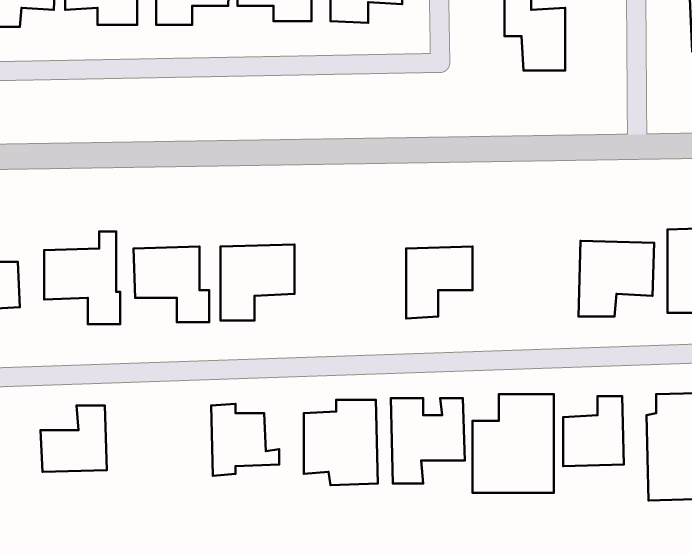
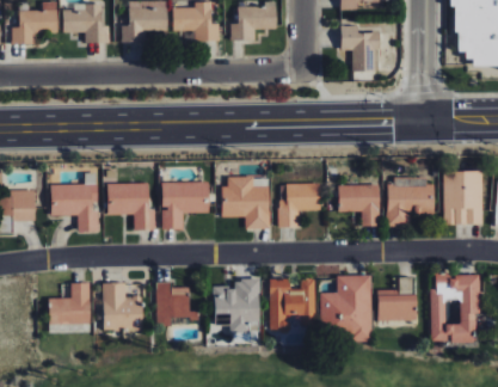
building: none -> [221,177,270,229]
building: none -> [338,185,380,227]
building: none -> [103,283,142,330]

